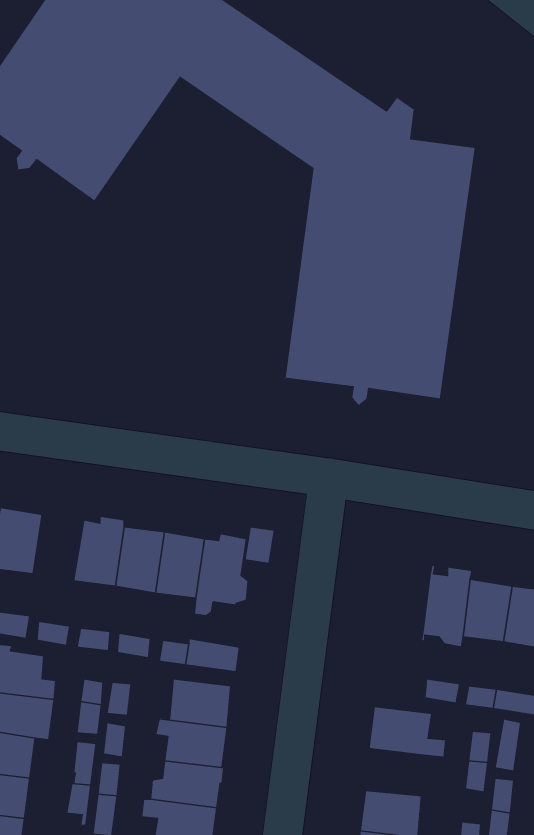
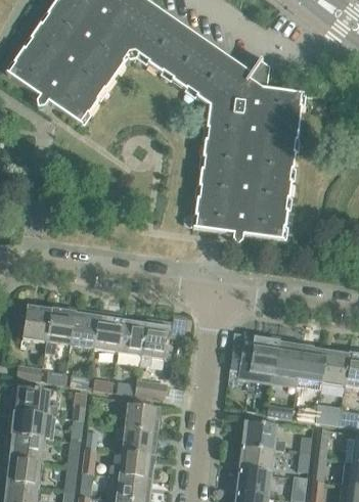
building: none -> [45,305,75,347]
building: none -> [238,332,278,381]
building: none -> [239,445,275,472]

